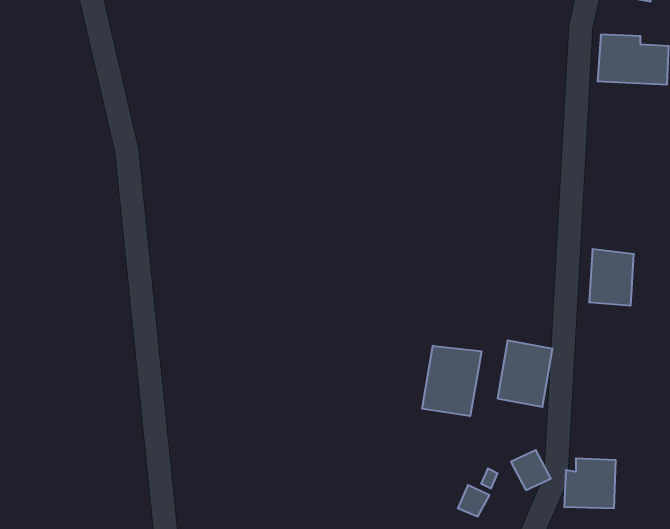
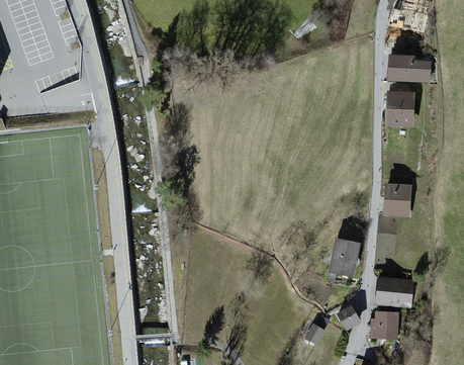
building: none -> [386,89,414,127]
building: [422,346,481,416] -> none
building: none -> [373,276,411,307]

